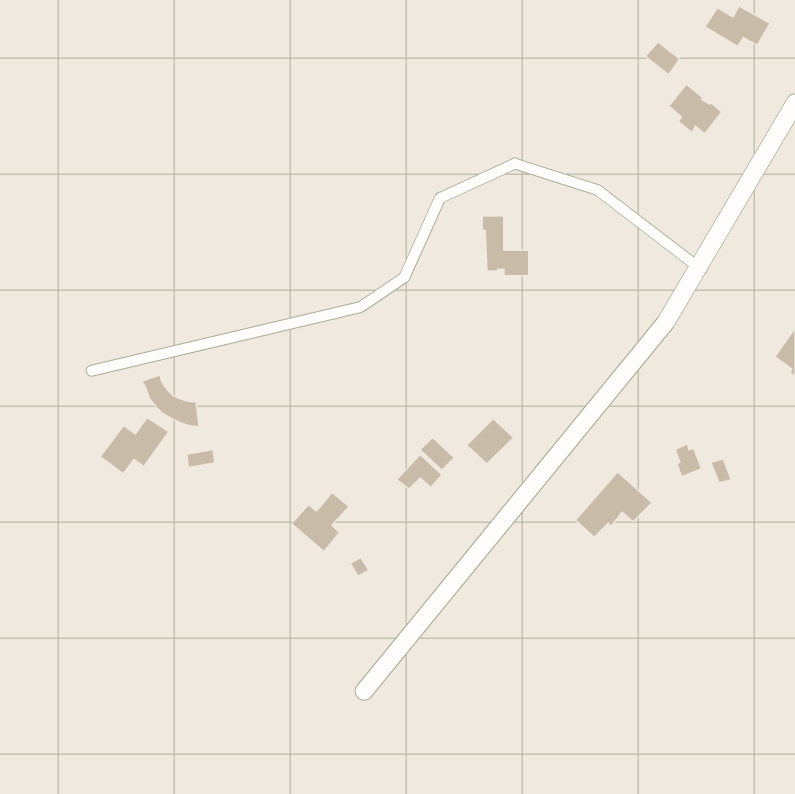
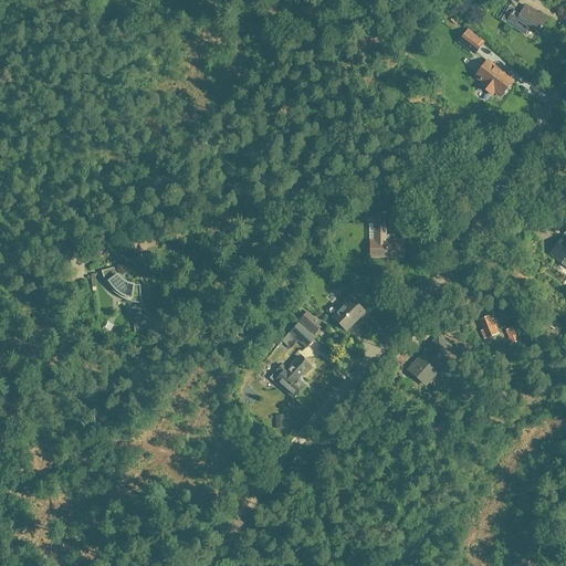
building: [482,216,529,275] -> [370,214,403,256]
building: [100,418,169,474] -> none
building: [291,492,349,552] -> [270,355,311,397]

